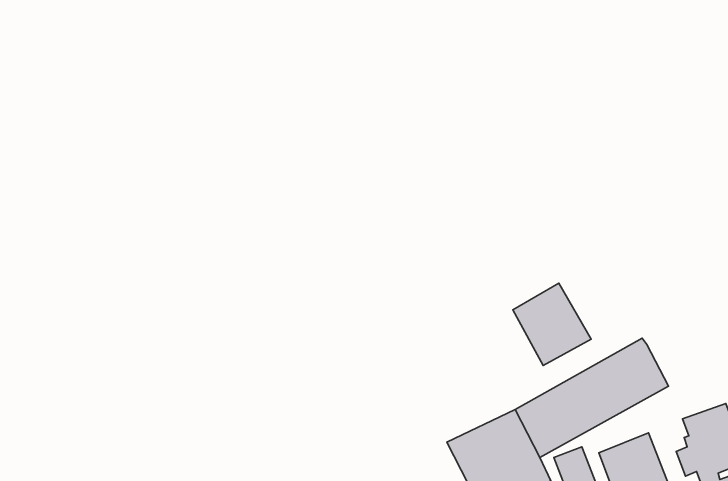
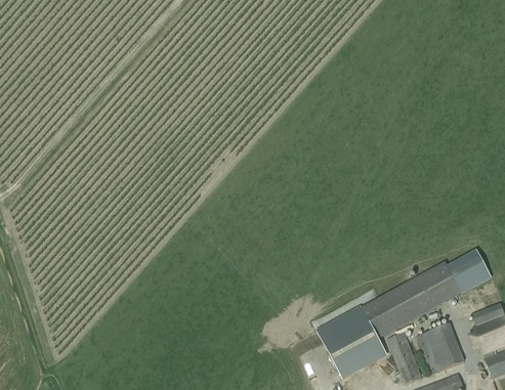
building: [513,283,591,366] -> none
building: none -> [448,249,491,292]

